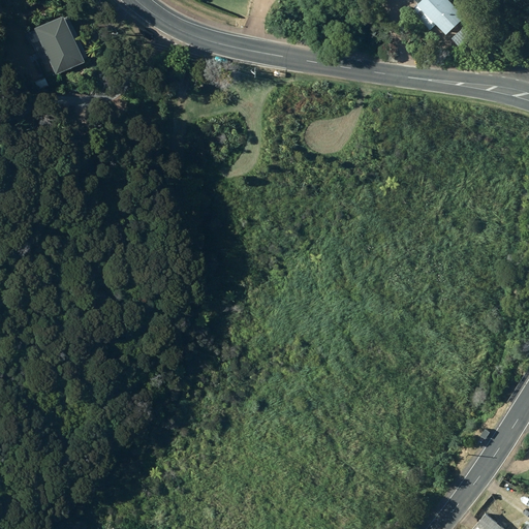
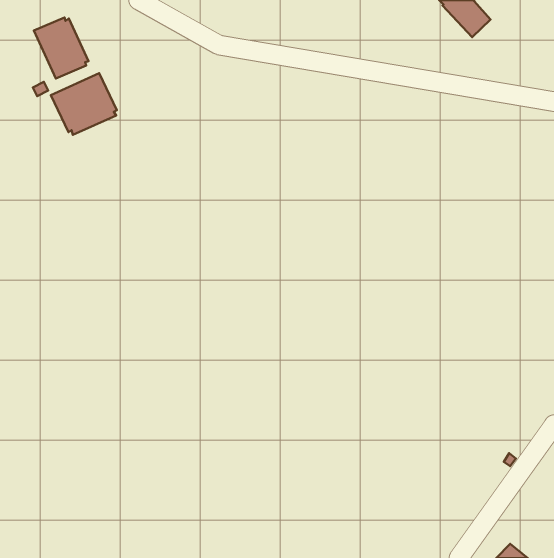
building: none -> [51,73,117,135]

